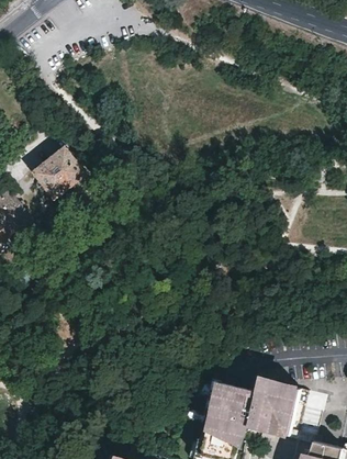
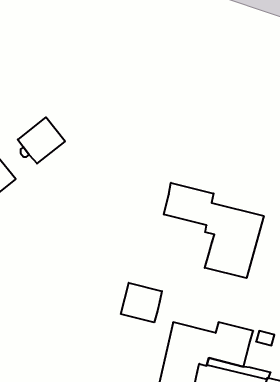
building: none -> [164,183,264,278]
building: none -> [121,283,162,322]

